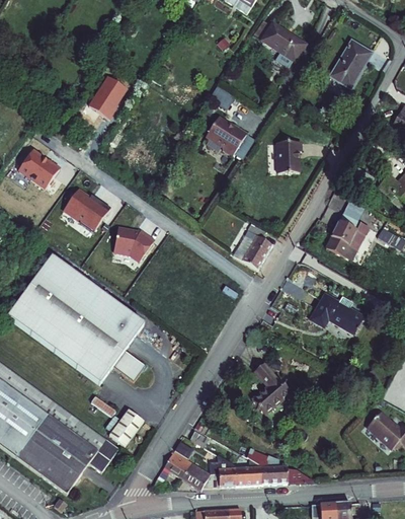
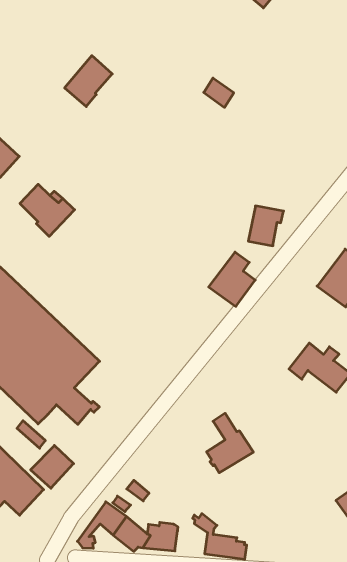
building: [252,19,308,70] -> none
building: [210,118,249,157] -> none
building: [279,143,306,174] -> [248,206,284,246]
building: [114,228,155,263] -> none
building: [236,458,261,484] -> none

